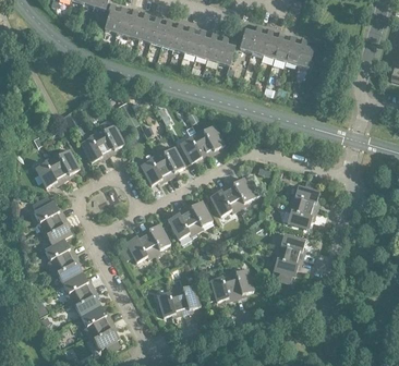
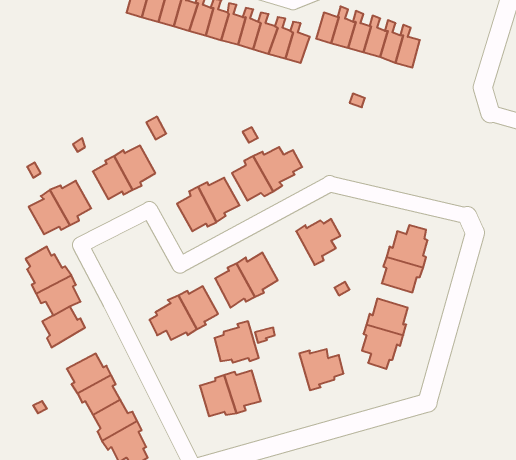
building: [208,185,238,216] -> none
building: [50,254,82,283] -> none
building: [203,272,234,302] -> [214,321,259,363]

